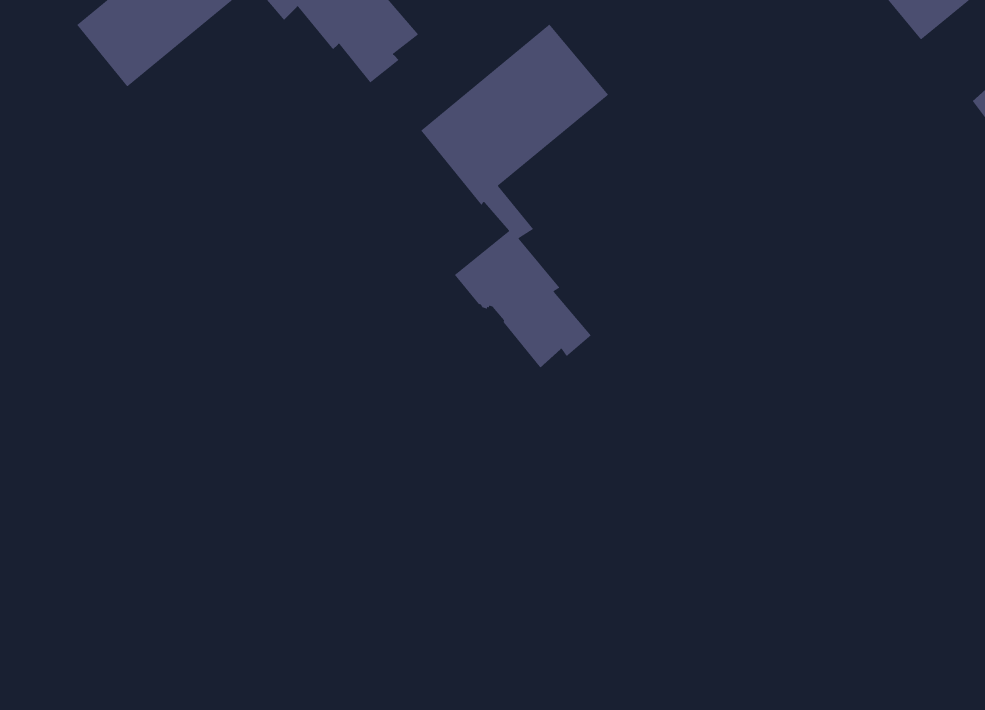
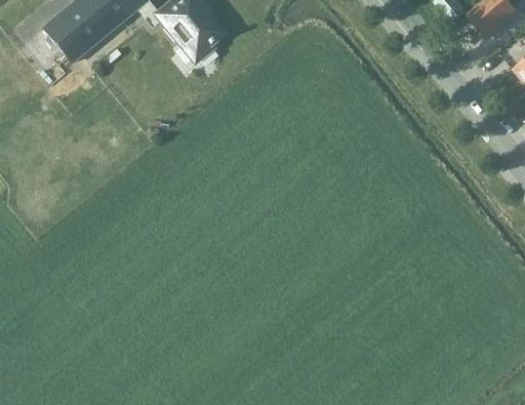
building: [420,24,609,369] -> none

